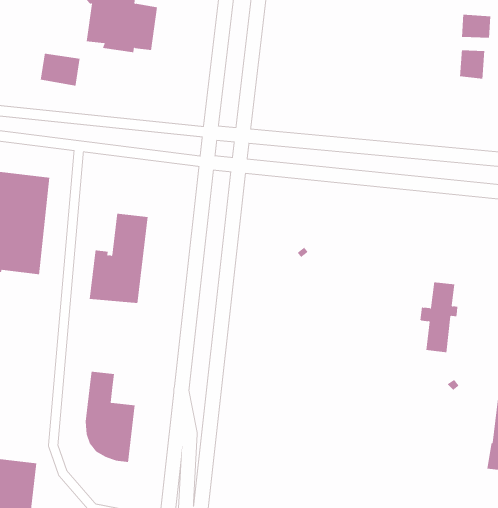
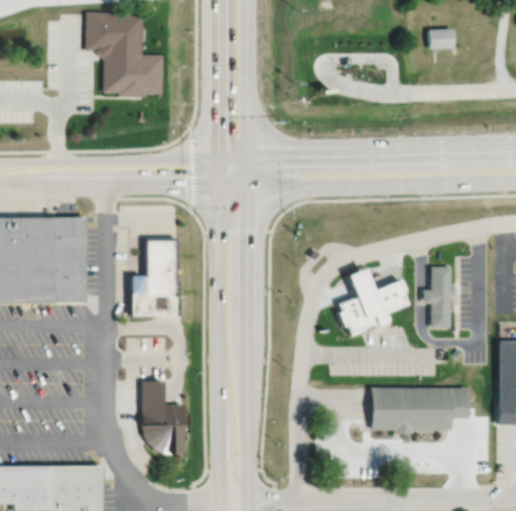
building: [460,49,485,80] -> none
building: [40,53,80,87] -> none
building: none -> [336,266,406,337]
building: none -> [369,388,466,434]

